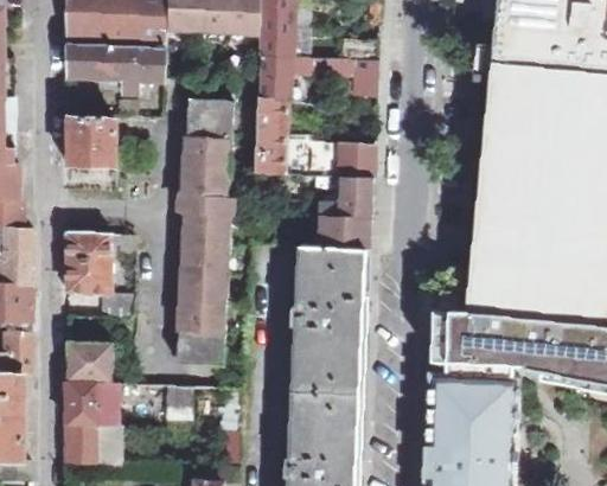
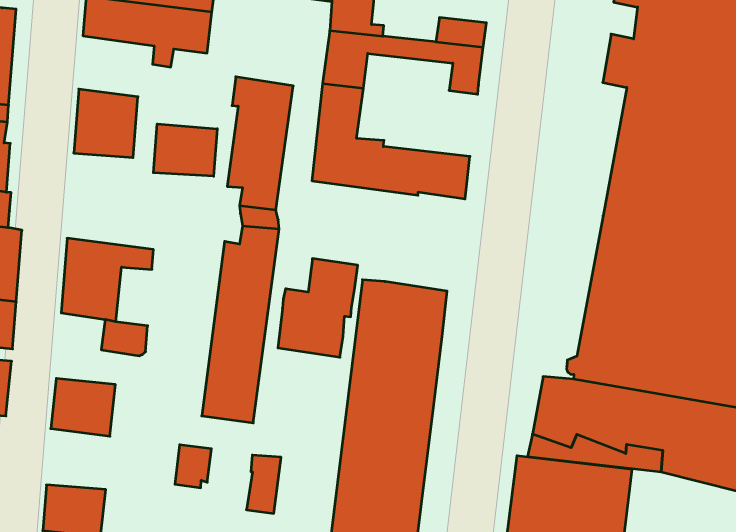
building: none -> [153,124,217,176]
building: [315,175,372,250] -> [278,259,358,357]
building: [65,381,123,424] -> none

